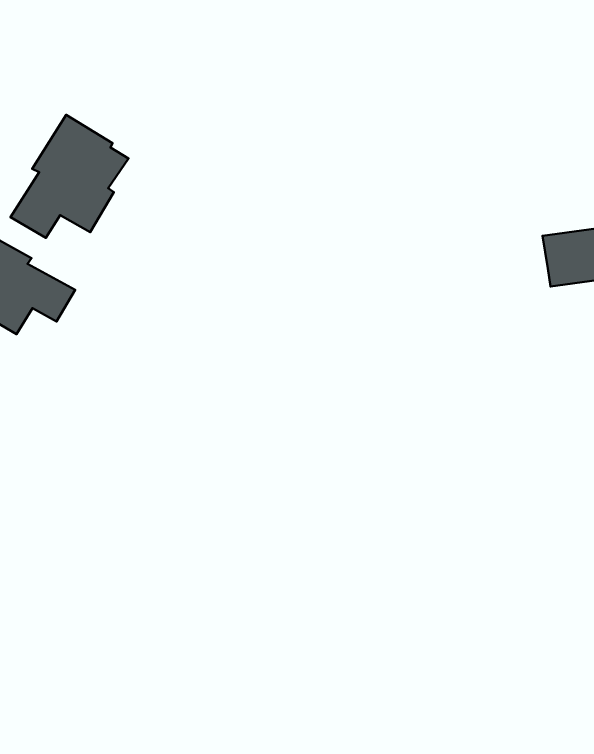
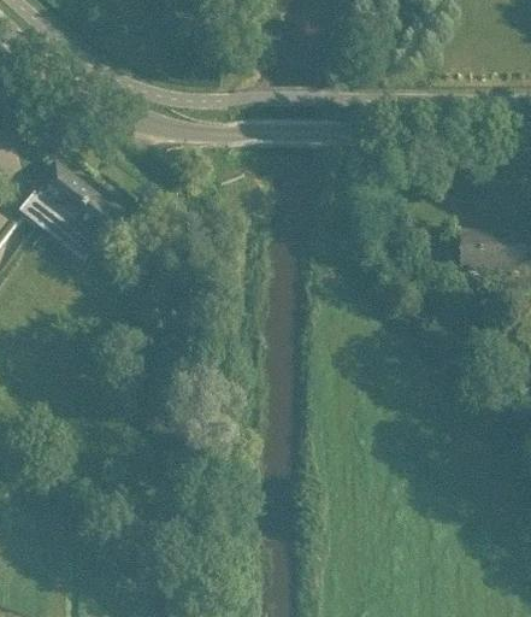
building: [11,115,129,238] -> none

